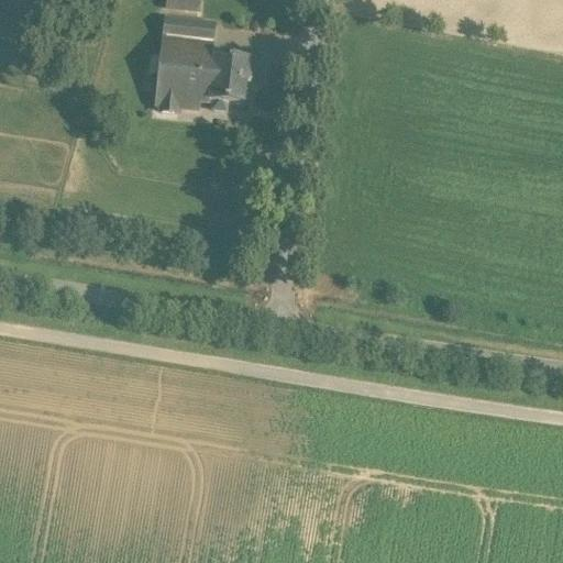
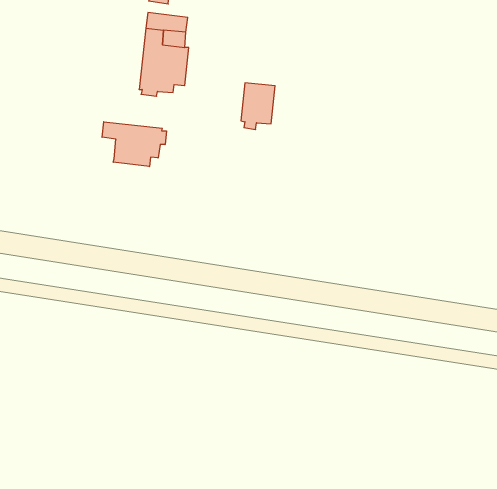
building: [209,54,247,107] -> [241,83,275,130]
building: none -> [102,122,166,167]

